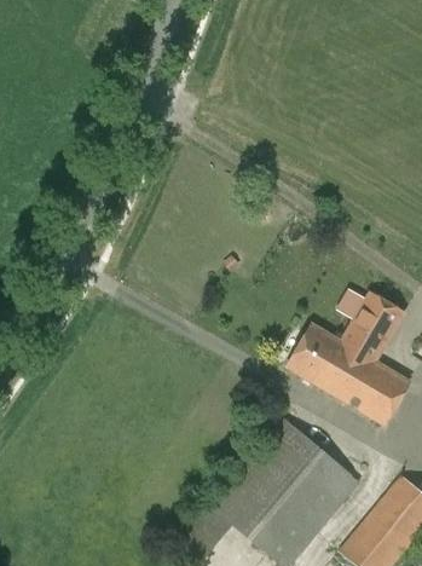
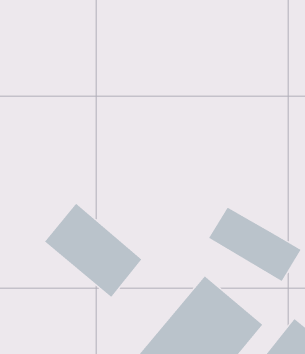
building: [341,293,404,362] -> none
building: none -> [44,203,142,298]

